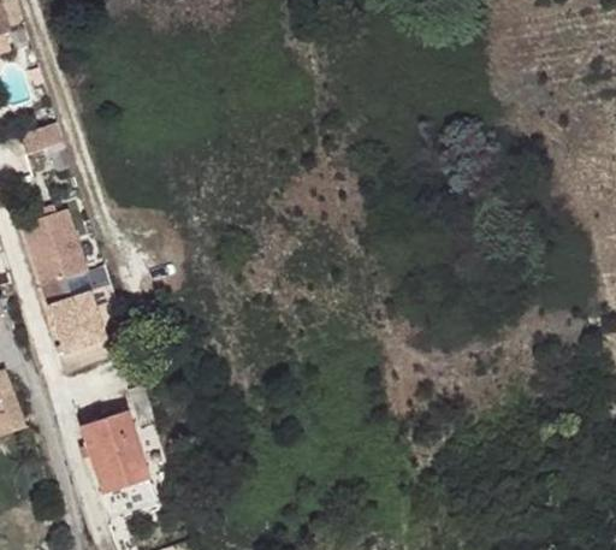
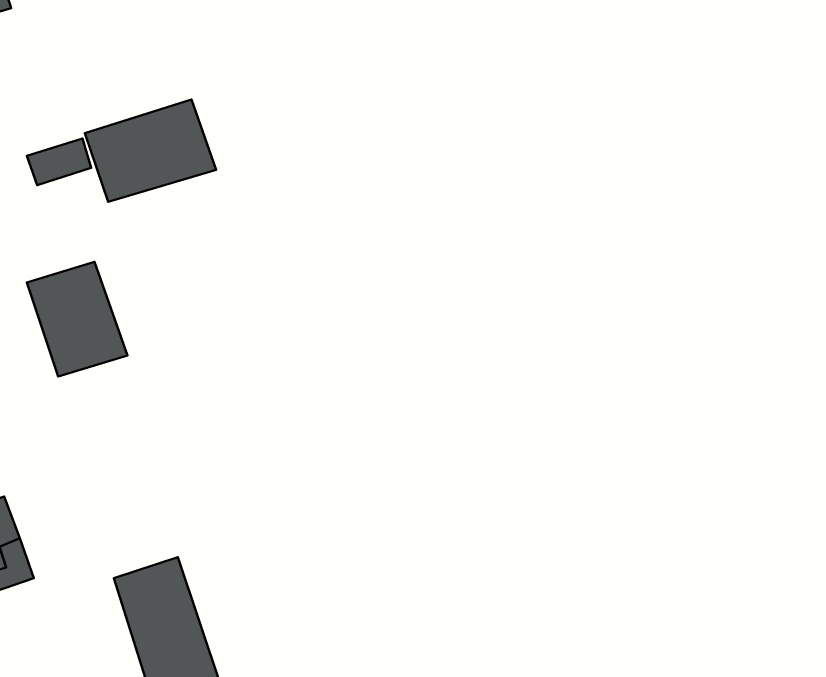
building: none -> [85,100,216,202]
building: [47,291,103,351] -> none

